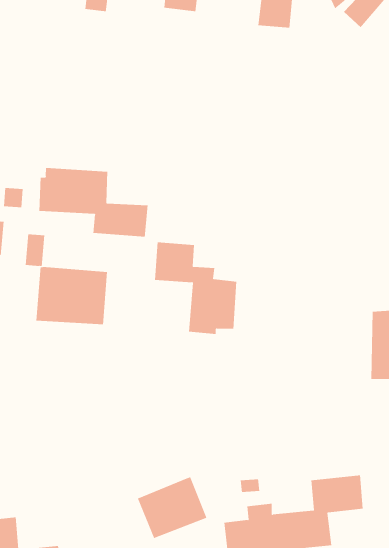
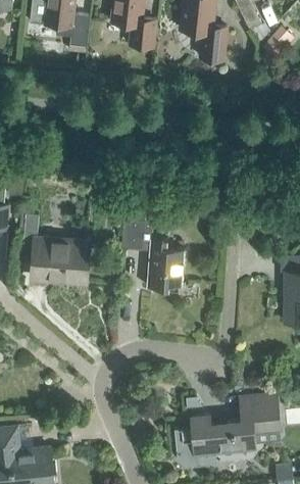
building: [39,167,148,238] -> none
building: [137,476,207,539] -> none

